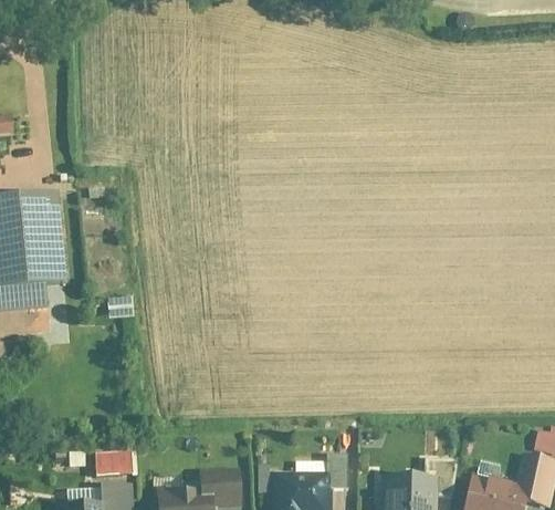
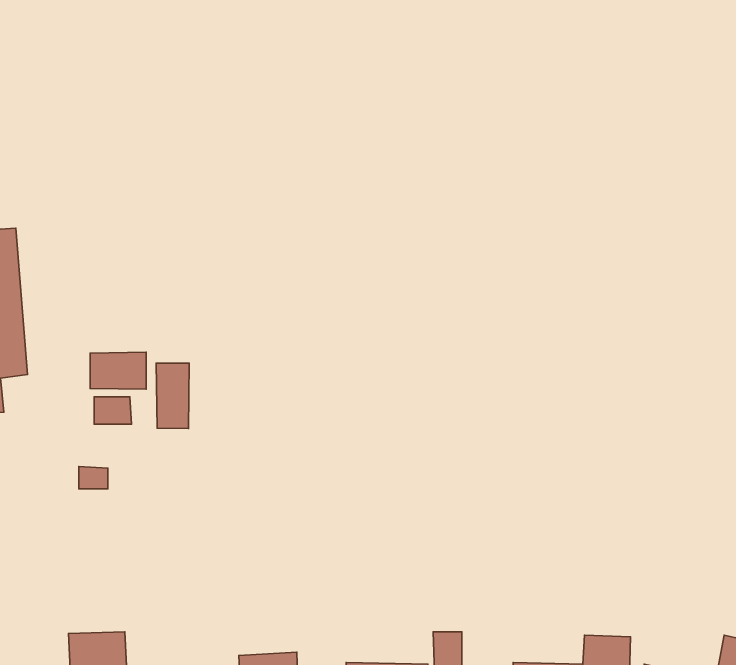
building: none -> [90,352,146,389]
building: none -> [156,363,189,428]

